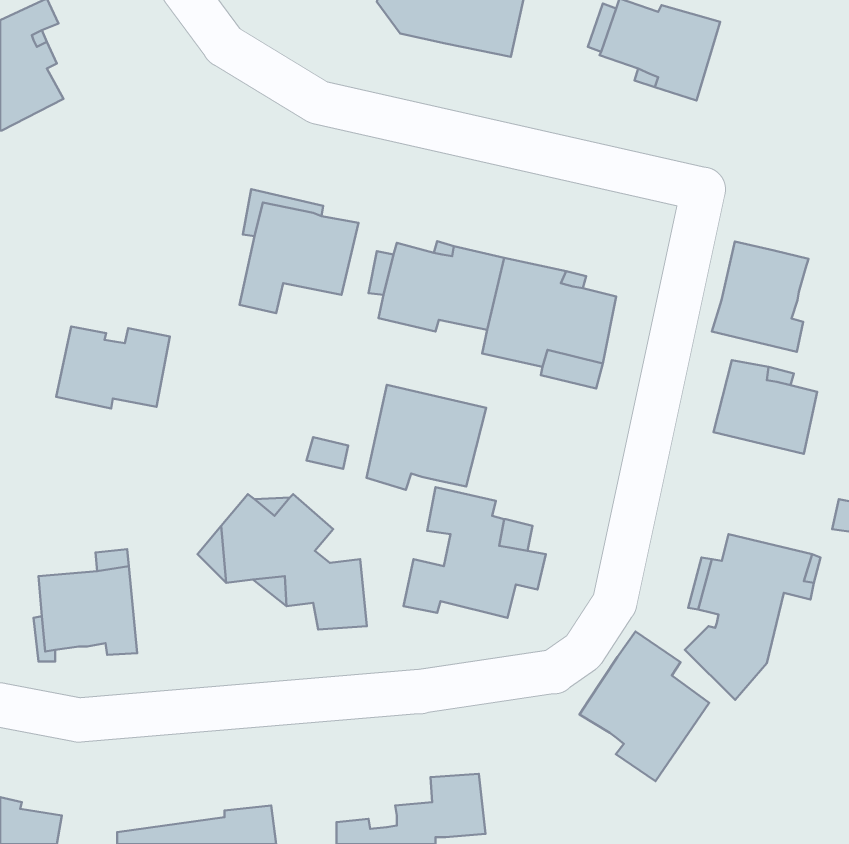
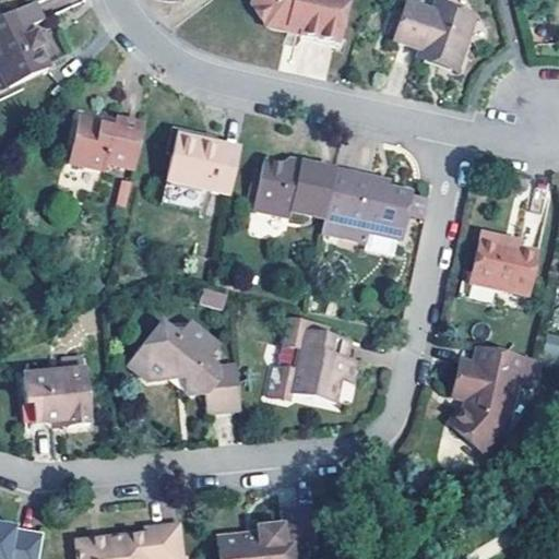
building: [712,242,809,352] -> none
building: [56,326,170,409] -> [67,115,141,168]
building: [366,385,486,490] -> none
building: [580,632,709,781] -> none

